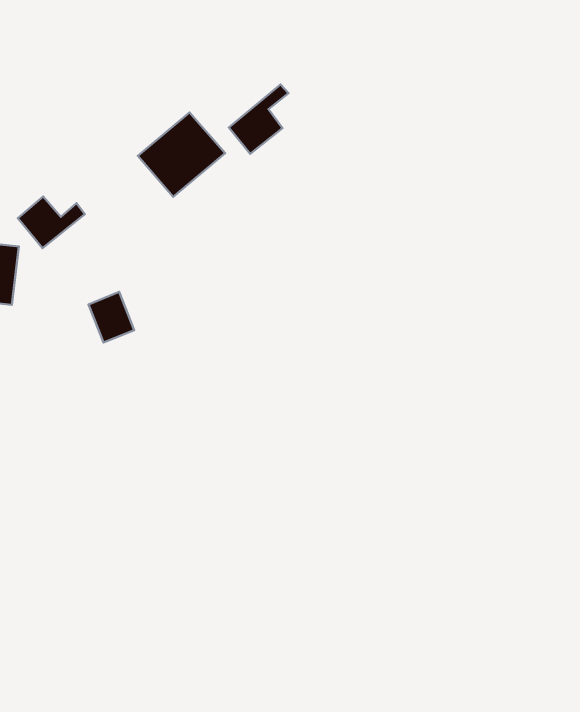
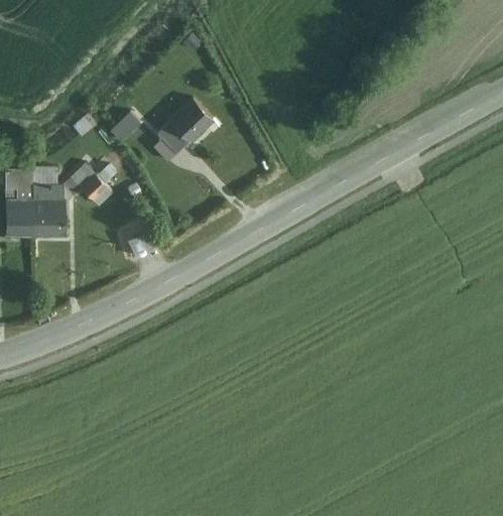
building: [229,84,289,154] -> none
building: none -> [105,109,139,142]

